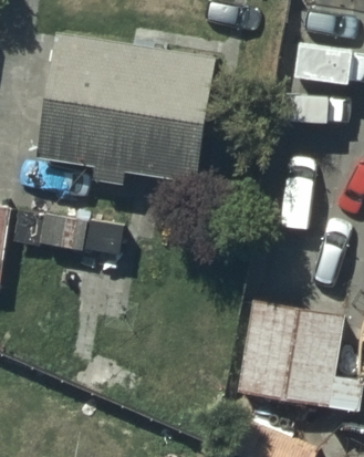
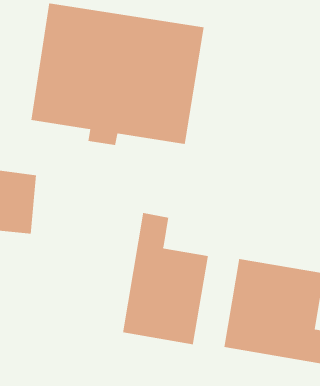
building: none -> [122,212,208,345]

